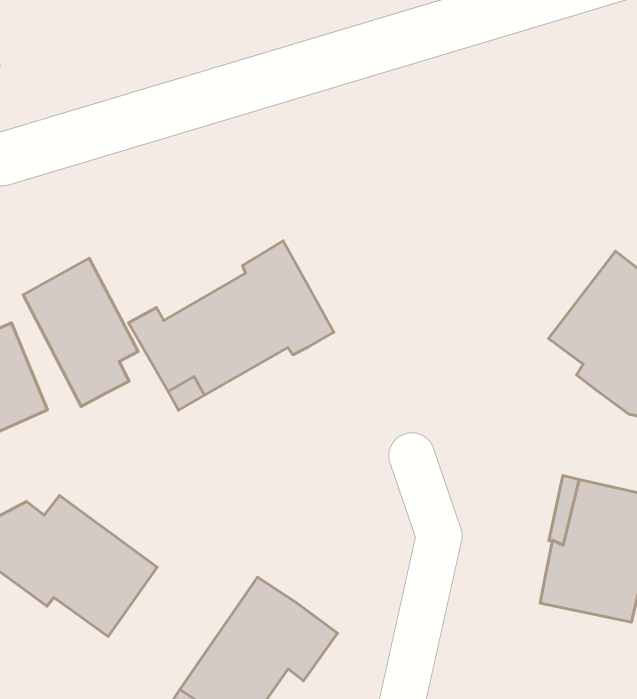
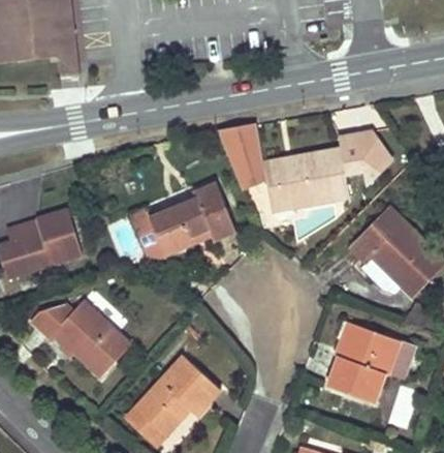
building: none -> [217,123,400,210]
building: [23,258,138,407] -> none

